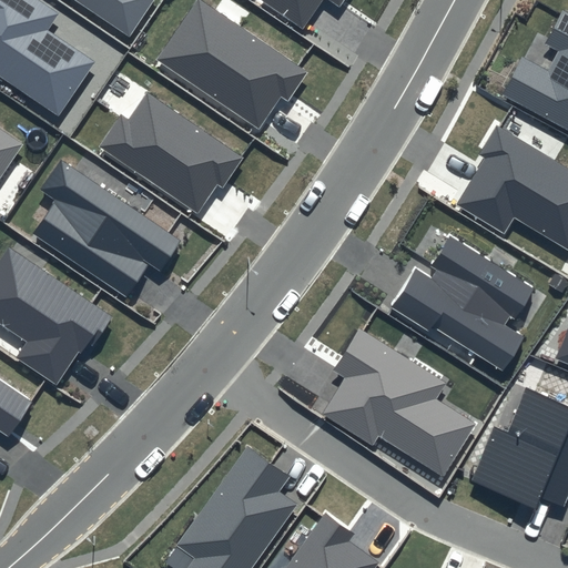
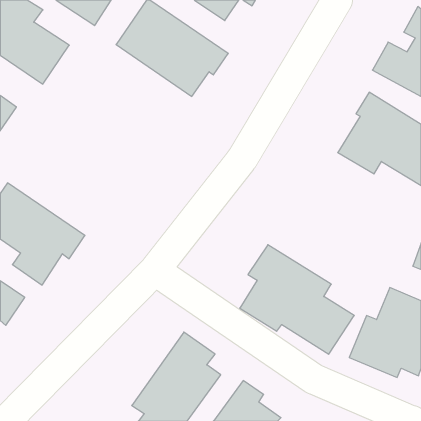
building: [100,92,244,212] -> none
building: [33,160,182,294] -> none
building: [389,234,535,369] -> none

